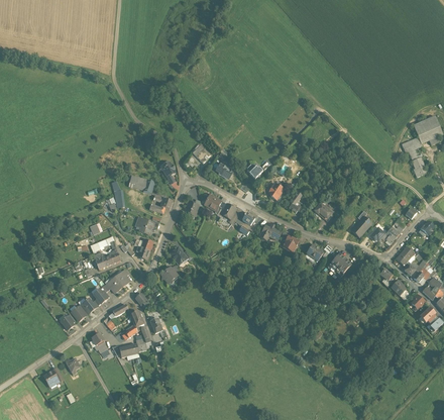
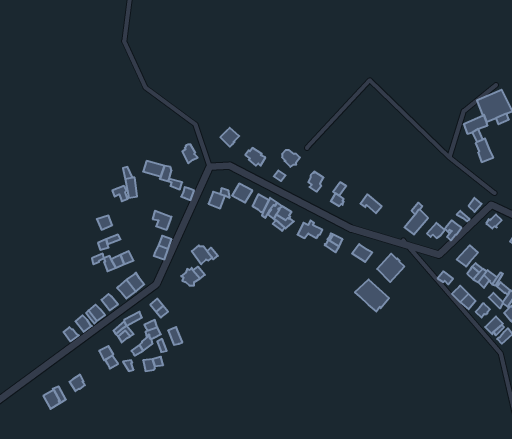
building: none -> [355,279,389,312]

